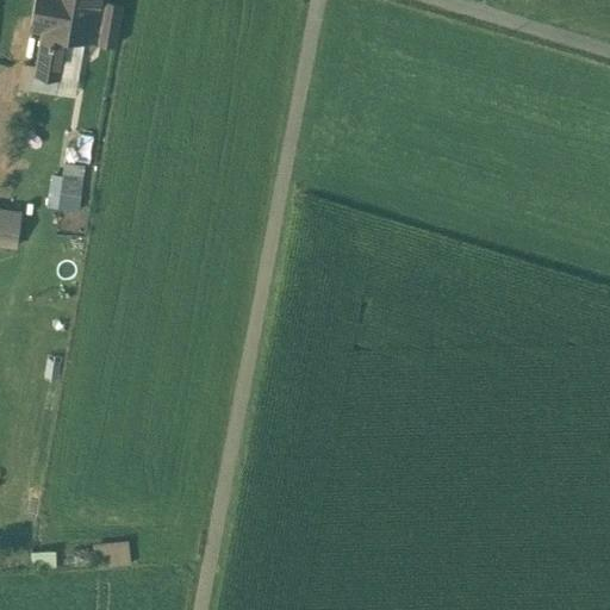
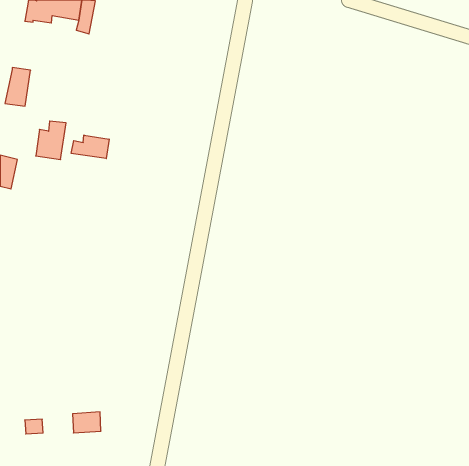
building: [33,30,67,80] -> [5,68,31,106]
building: none -> [71,135,109,159]

